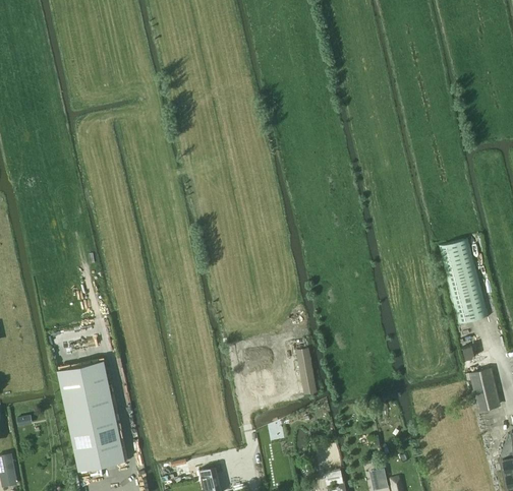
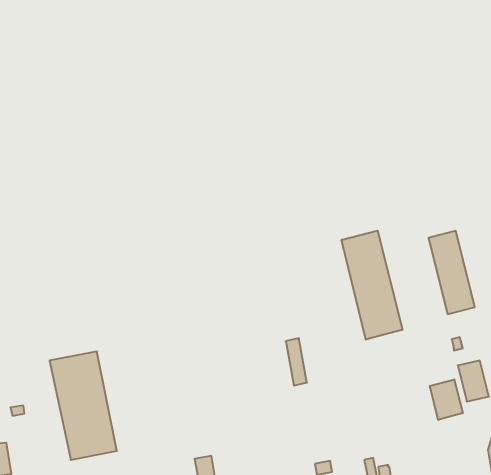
building: none -> [342,231,402,340]
building: none -> [430,379,463,420]

